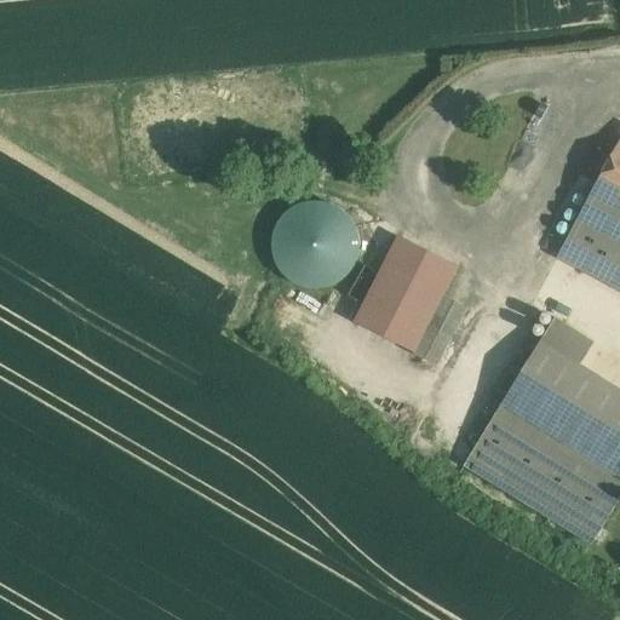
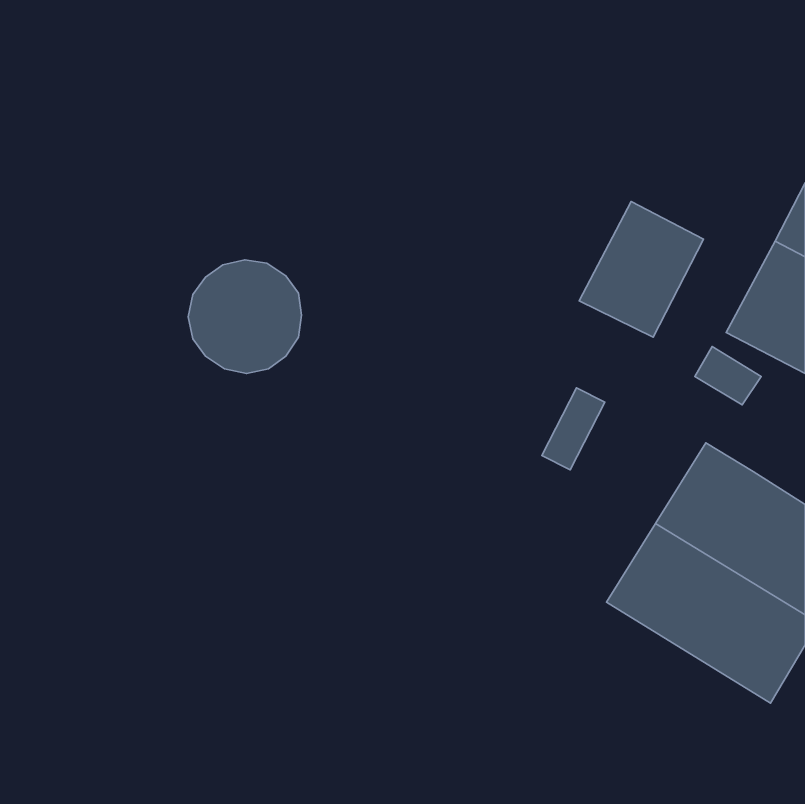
building: [272,200,360,287] -> [188,260,302,373]
building: [358,241,454,345] -> [579,201,703,337]
building: [542,317,593,362] -> [695,346,761,405]

